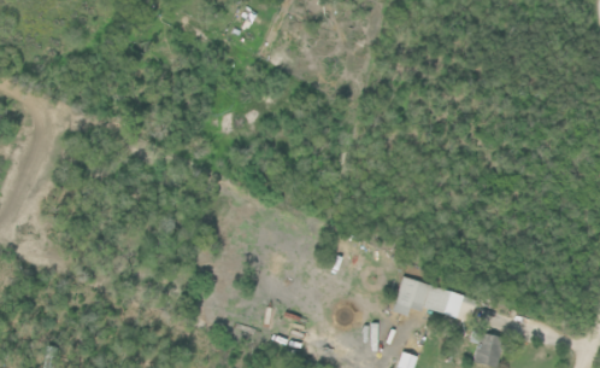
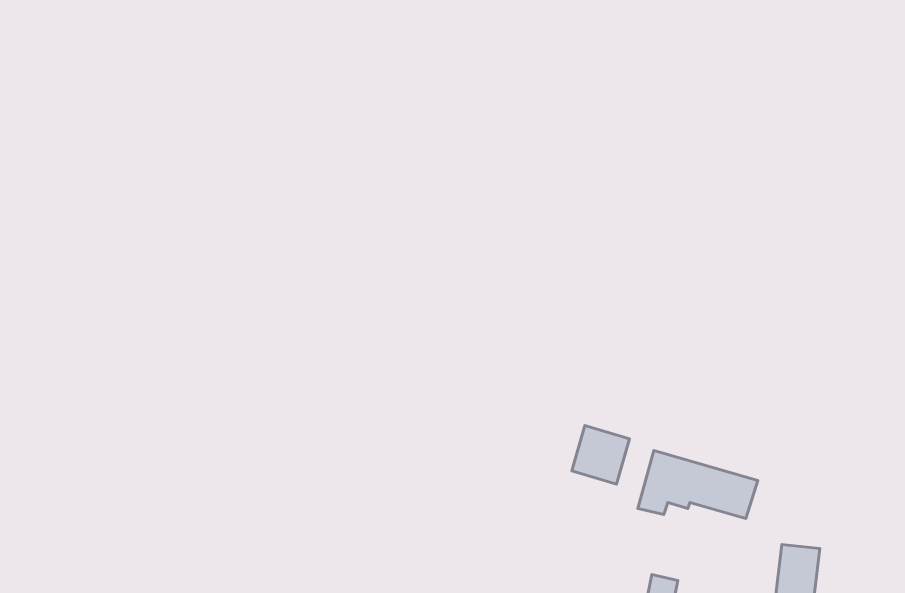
building: none -> [572,426,629,484]

